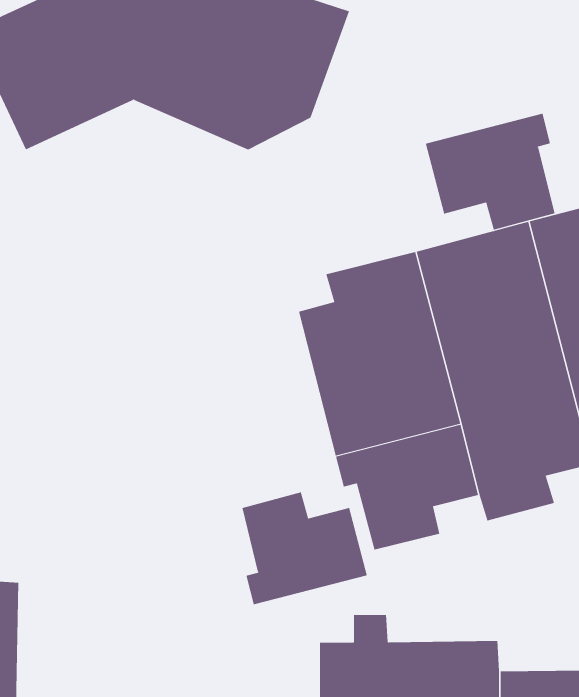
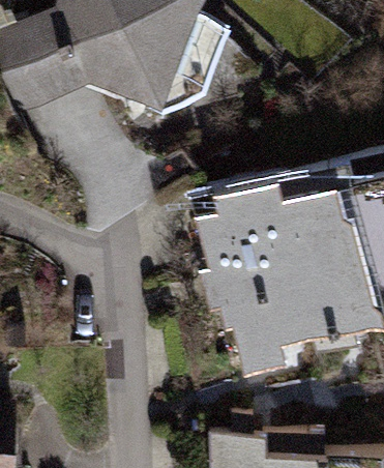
building: [425,113,555,231] -> none
building: [242,492,367,605] -> none

